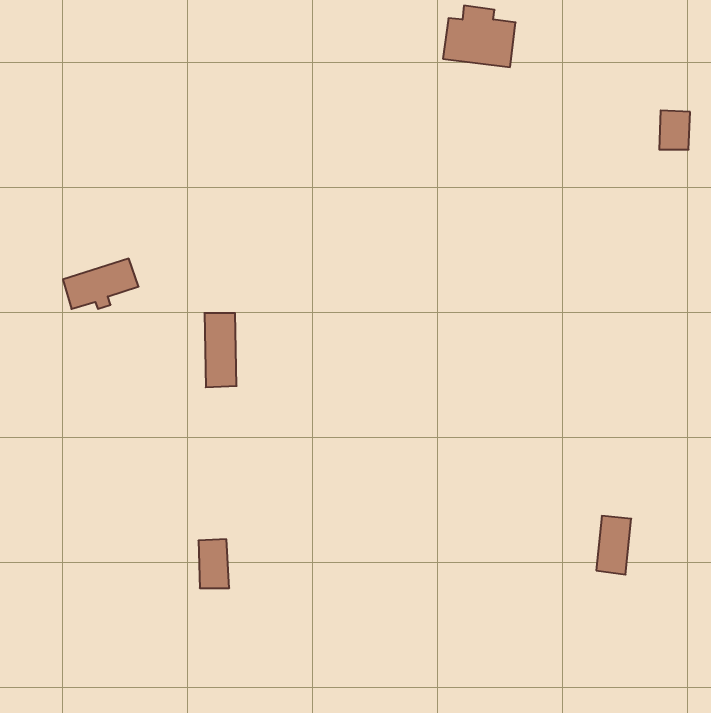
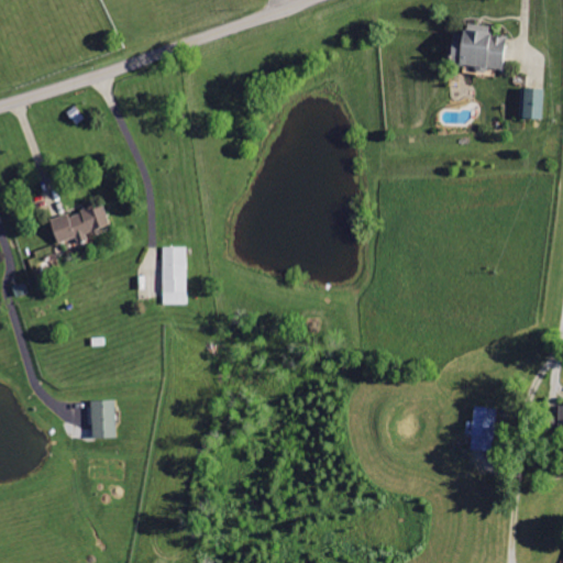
building: [443,6,516,67] -> [449,23,506,71]
building: [198,539,229,588] -> [91,400,115,439]

